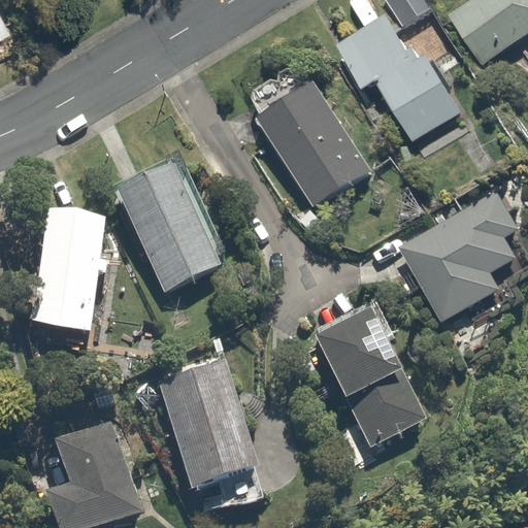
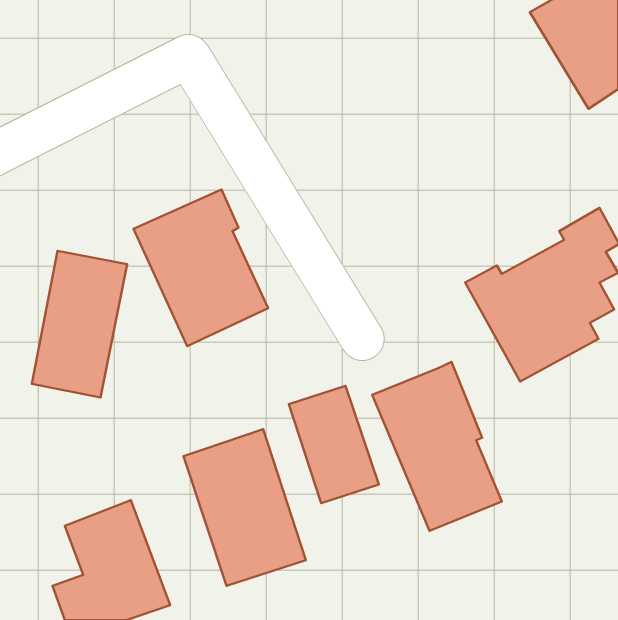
building: [335,13,463,137] -> none
building: [249,58,374,204] -> none
building: none -> [289,386,379,503]

